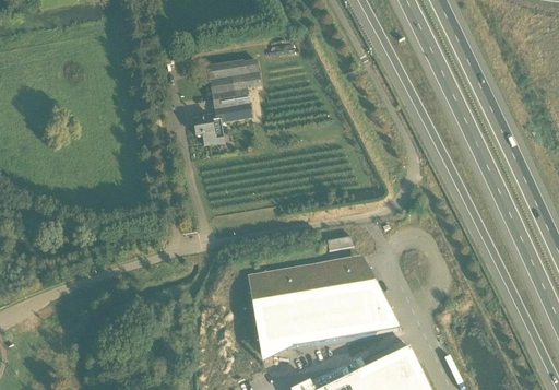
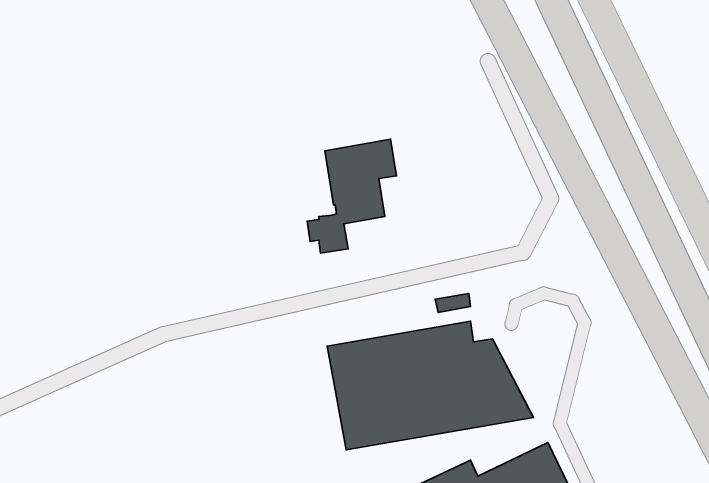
building: [193,59,260,144] -> [307,139,396,253]

